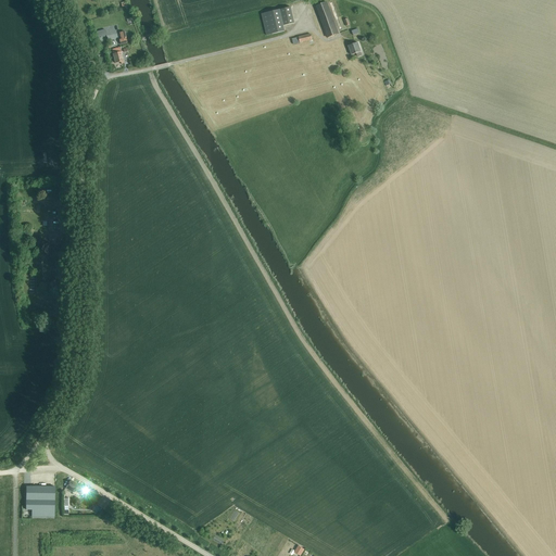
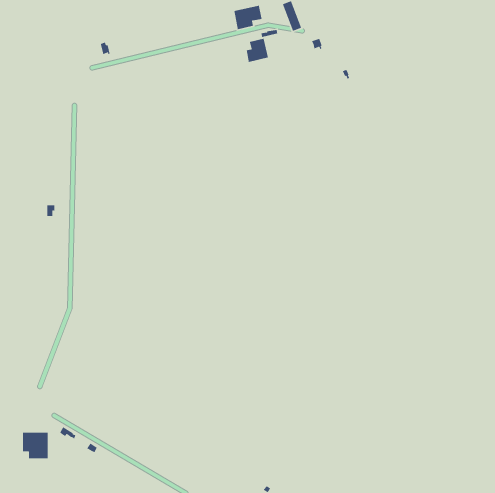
building: none -> [246,38,269,63]

